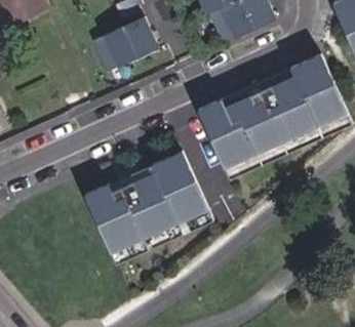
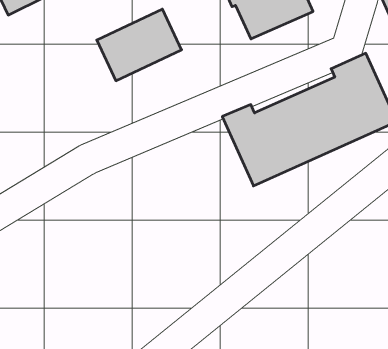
building: [85,151,213,264] -> none

